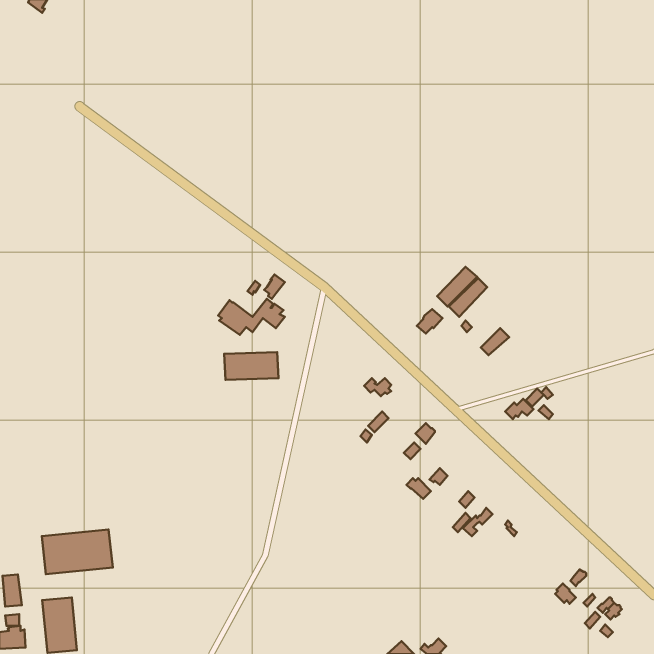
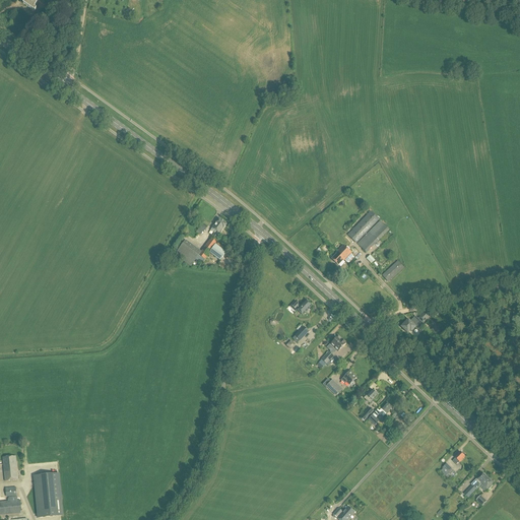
building: [224,352,278,380] -> none
building: [42,530,113,574] -> none

